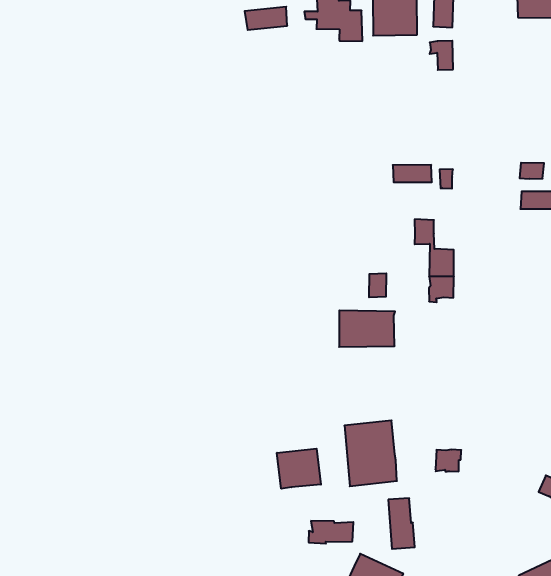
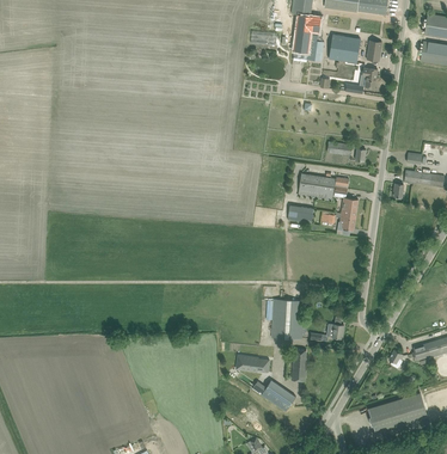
building: [339,310,395,347] -> [298,172,336,200]
building: [277,449,321,489] -> none

